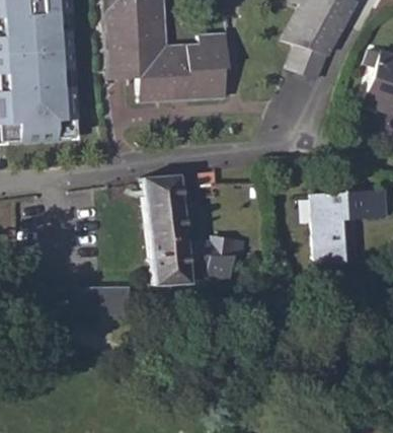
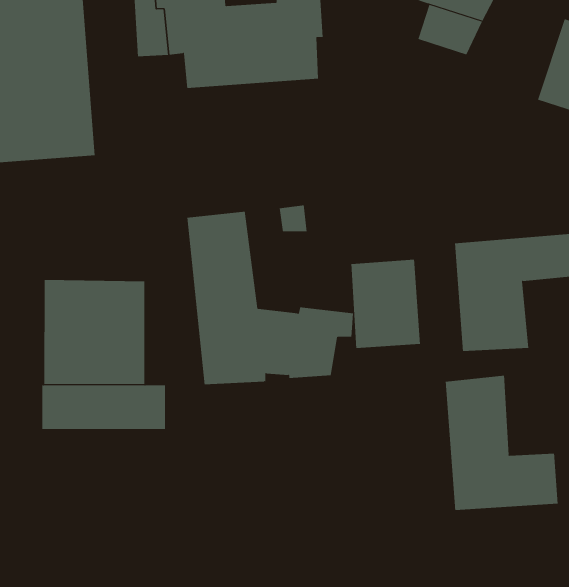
building: none -> [351,259,421,349]
building: none -> [44,279,145,385]
building: none -> [445,375,558,511]

